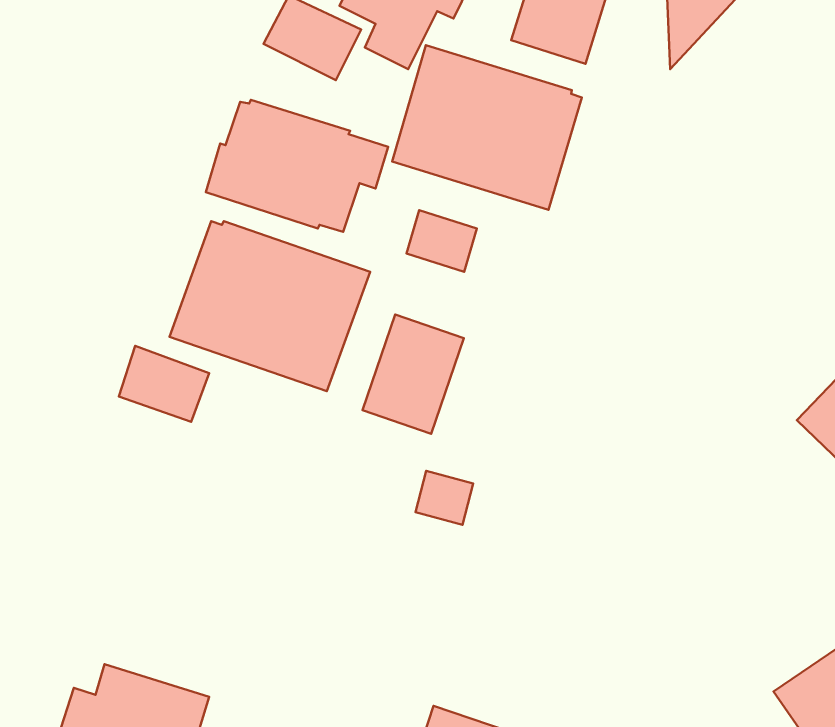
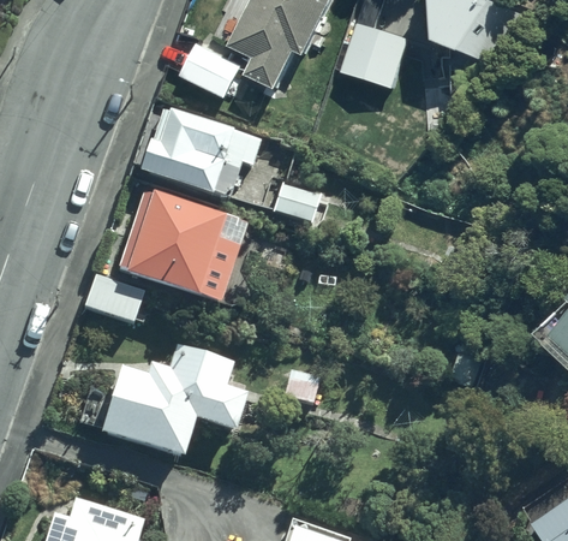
building: [392,45,582,210] -> none
building: [363,314,464,434] -> none
building: none -> [98,341,246,452]

